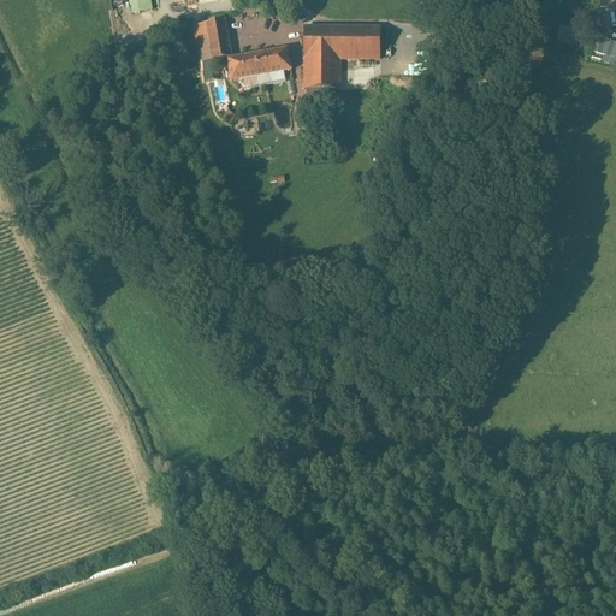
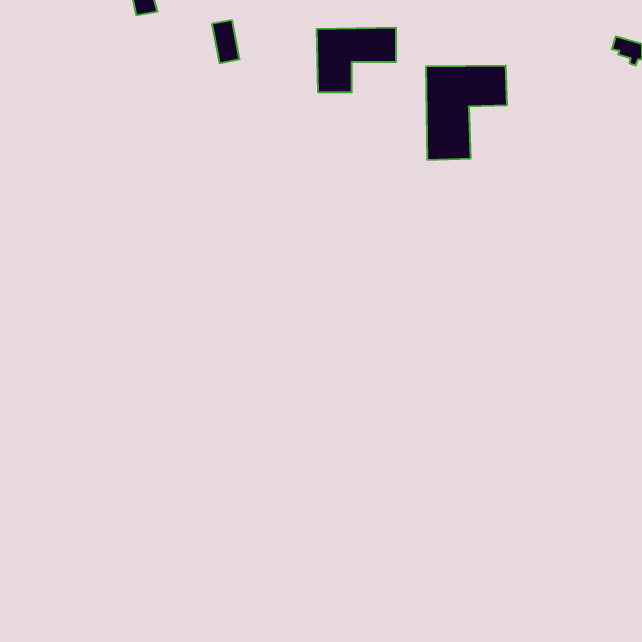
building: [225,49,289,81] -> none
building: none -> [426,65,507,160]

